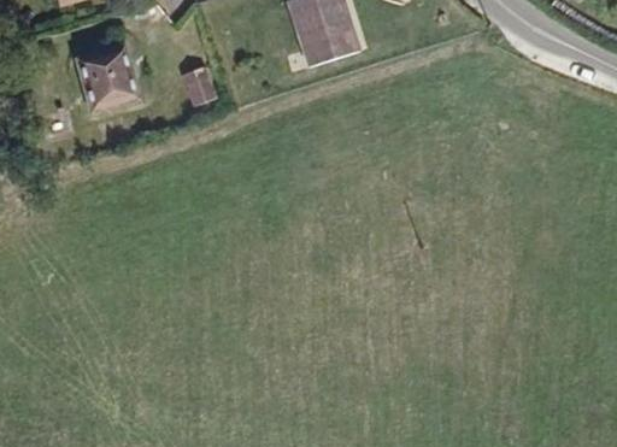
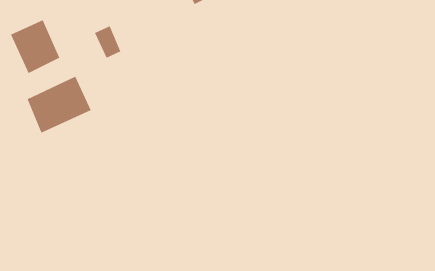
building: none -> [27,76,92,133]

